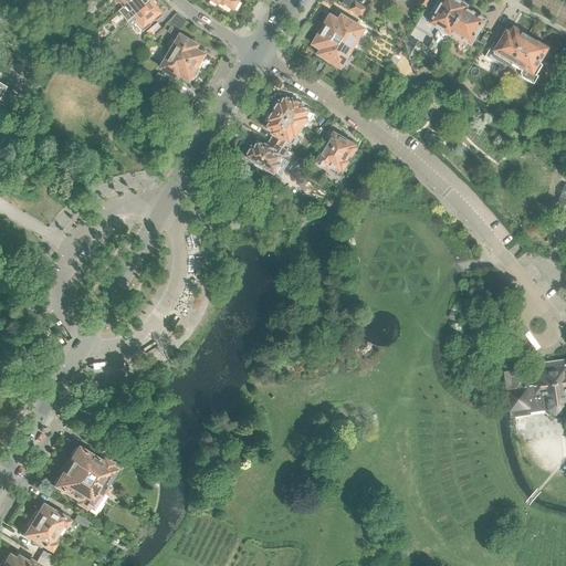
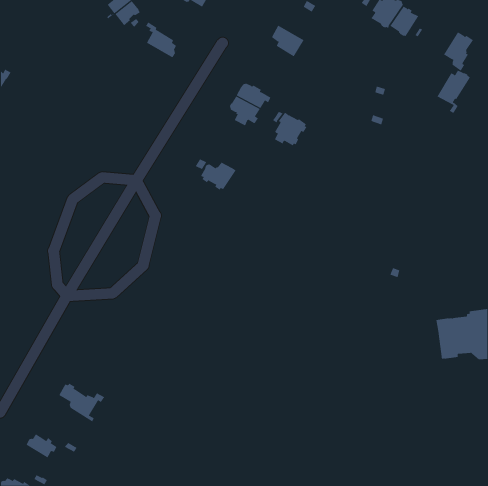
building: [322,14,364,46] -> none
building: [490,28,530,78] -> [437,70,471,114]
building: [154,50,200,86] -> none
building: [247,139,289,172] -> [200,162,236,191]
building: [52,457,107,513] -> none
building: [23,515,55,546] -> none

